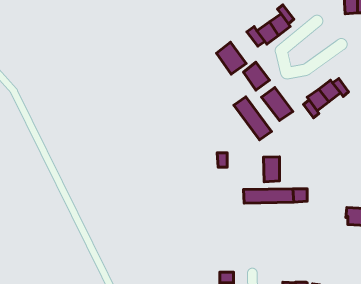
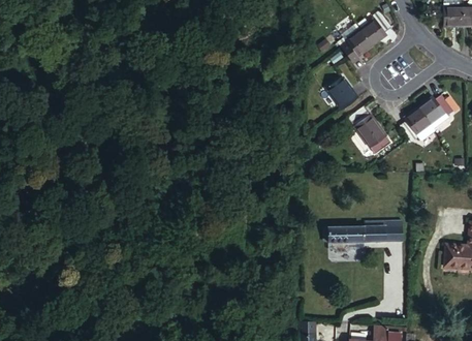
building: [216,42,246,74] -> none
building: [234,97,272,140] -> none
building: [264,157,280,182] -> none

